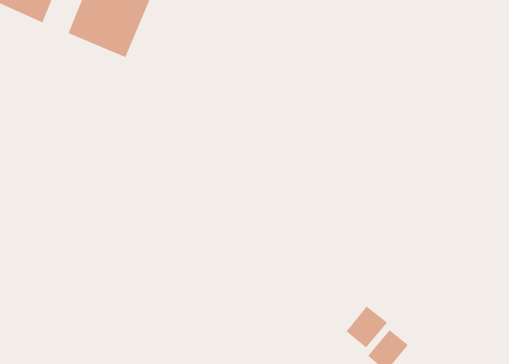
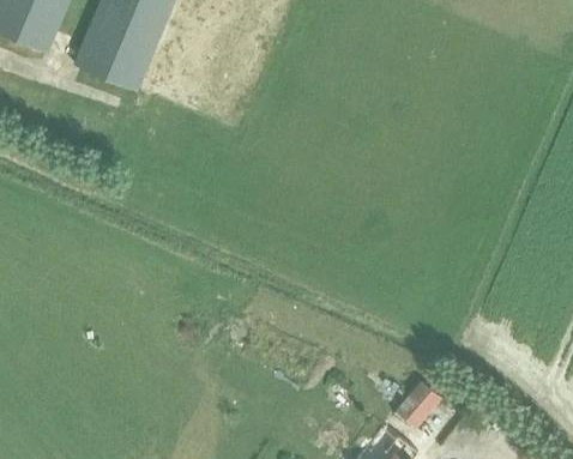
building: [345,306,388,349] -> none

